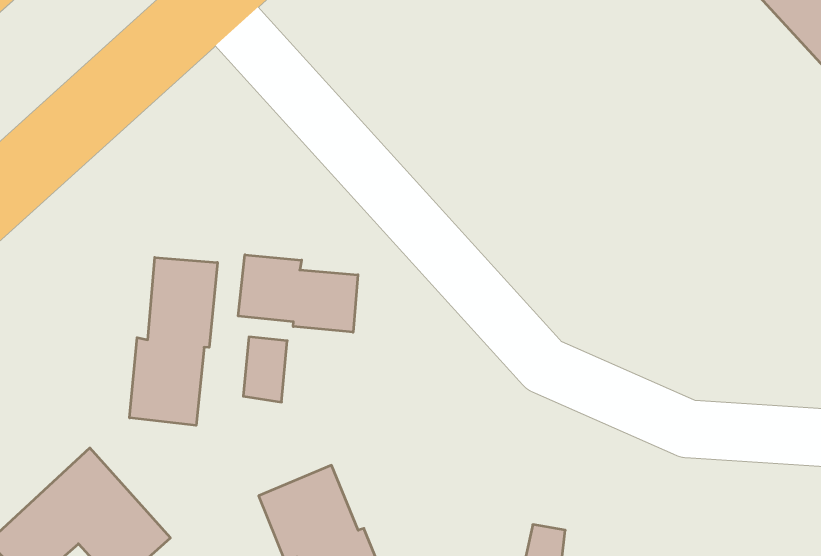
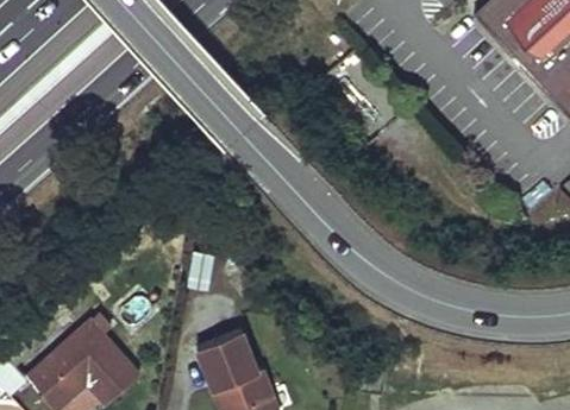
building: [238,255,358,332] -> none
building: [130,257,217,425] -> none

